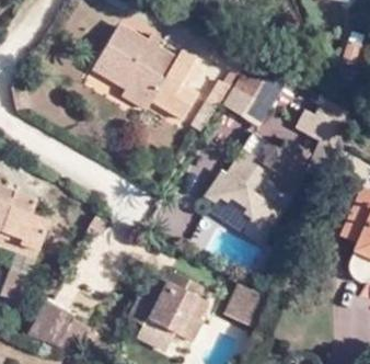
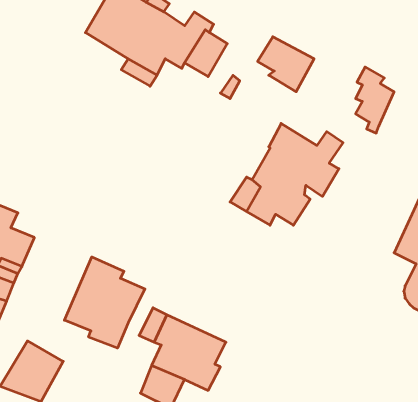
building: none -> [64,257,145,348]
building: [216,278,261,326] -> none

